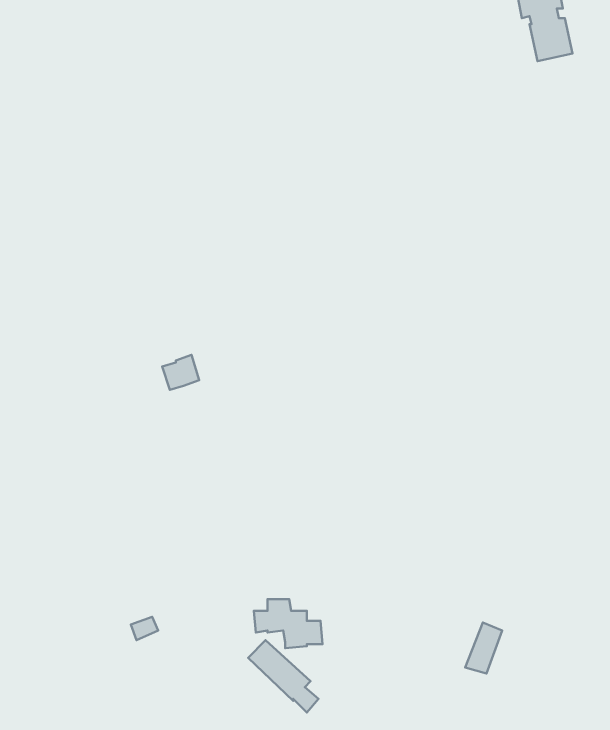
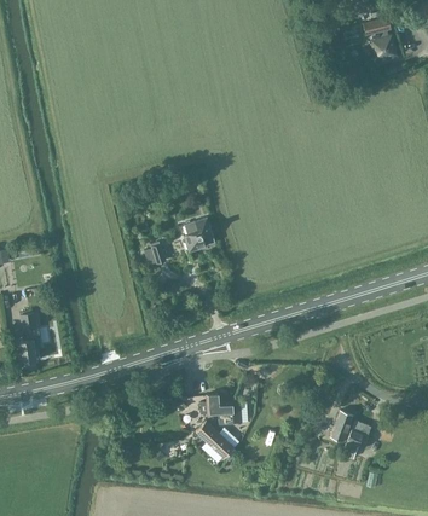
building: none -> [183,216,215,251]
building: none -> [342,419,371,458]

